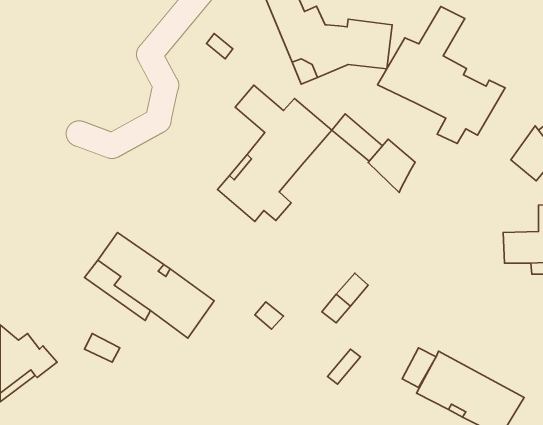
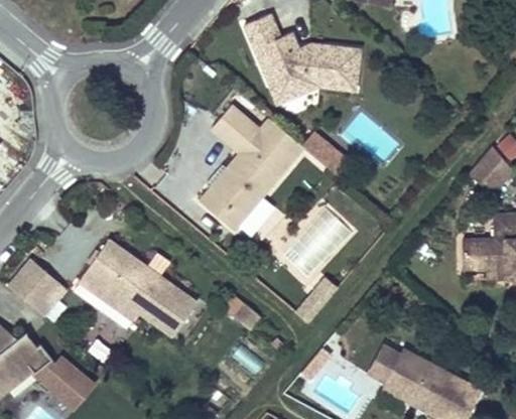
building: [377,7,505,144] -> none
building: [368,139,415,193] -> none
building: none -> [6,256,69,317]
building: none -> [34,353,97,410]

